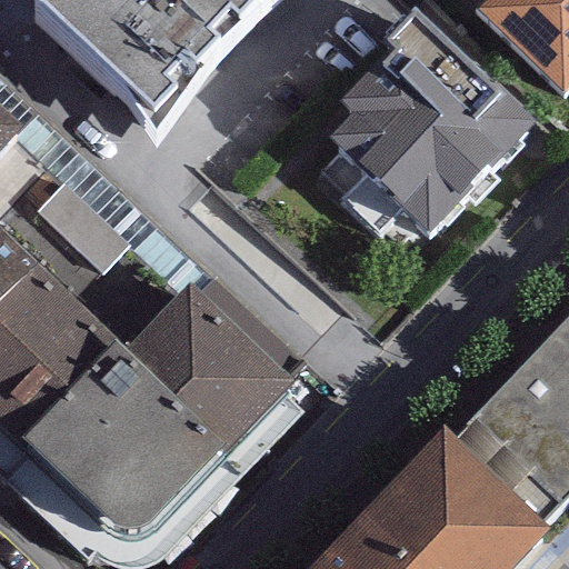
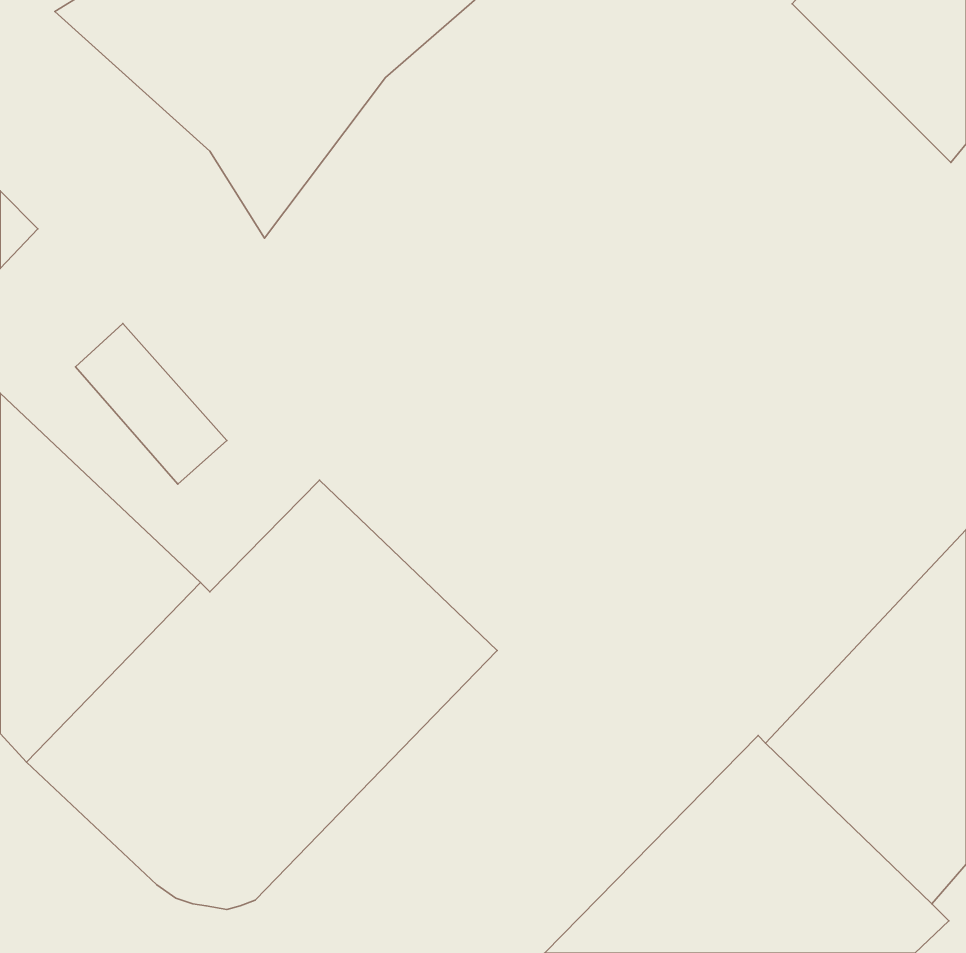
building: [327,16,532,236] -> none

